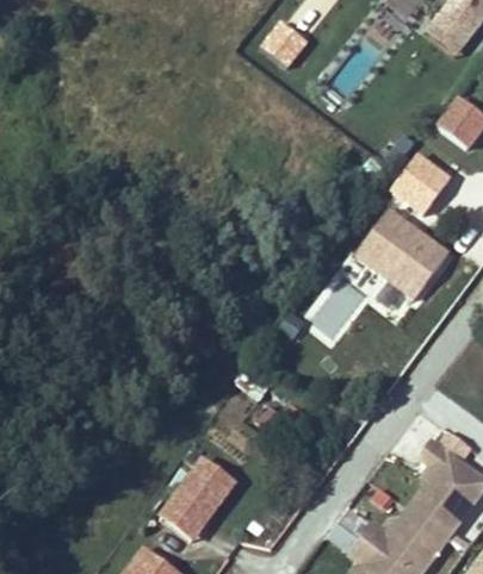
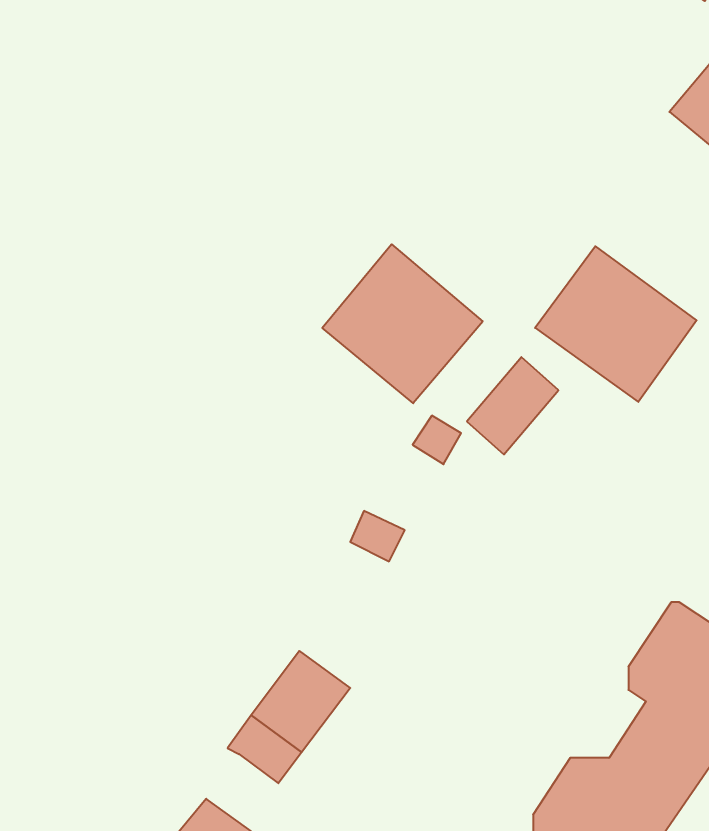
building: [386,154,451,218] -> none
building: none -> [322,244,483,403]

